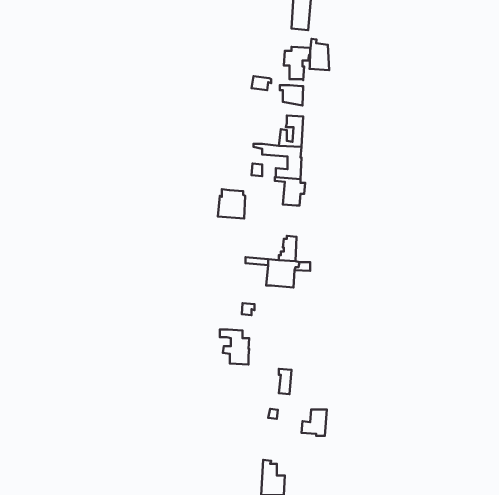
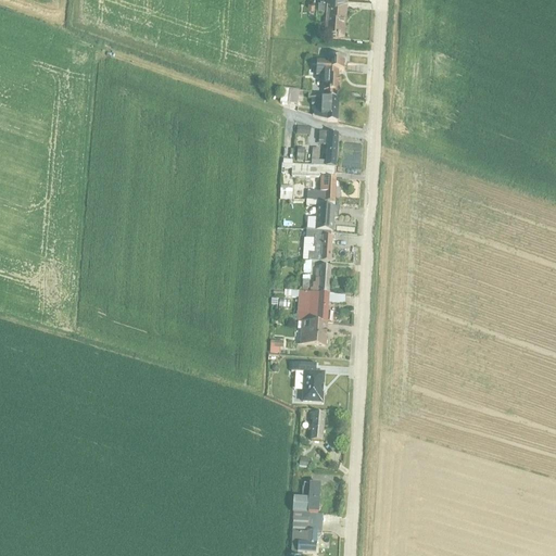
building: [309,39,329,70] -> none
building: [218,189,245,218] -> [301,226,331,258]
building: none -> [296,317,326,342]
building: [220,329,249,365] -> [290,359,323,399]
building: [301,409,327,436] -> [291,481,319,510]

